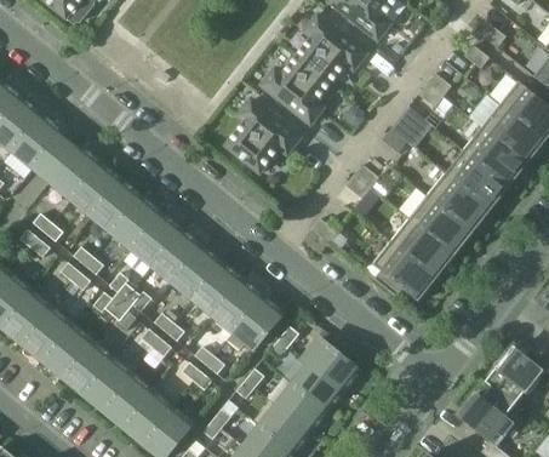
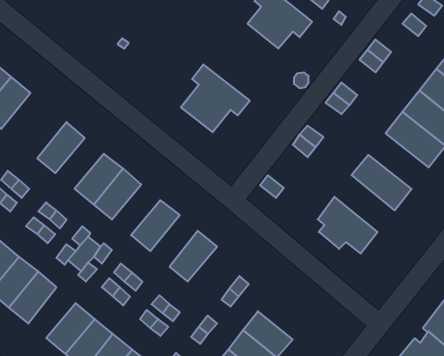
building: [261,56,328,124] -> none
building: [48,143,102,200] -> none
building: [425,173,490,233] -> none
building: [90,178,142,233] -> none
building: [389,218,453,279] -> none
building: [150,228,202,282] -> none
building: [191,261,242,316] -> none
building: [231,295,285,350] -> none
building: [299,337,361,394] -> none
building: [61,338,111,393] -> none

